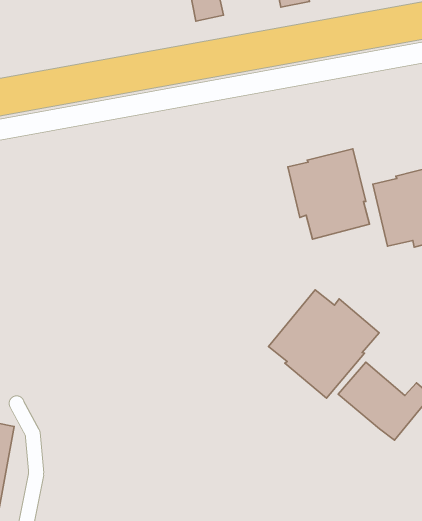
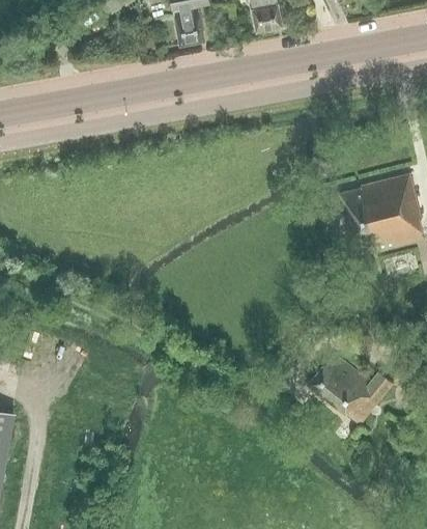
building: [288,149,369,239] -> none
building: [269,290,379,398] -> none

